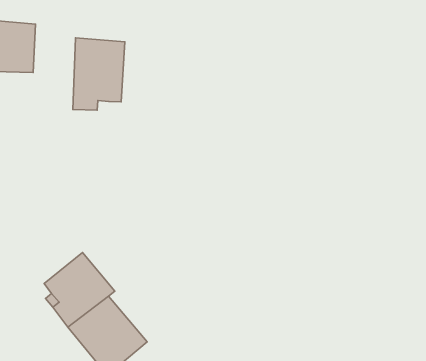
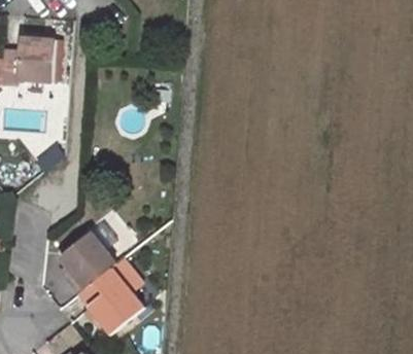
building: [73,38,125,110] -> none

